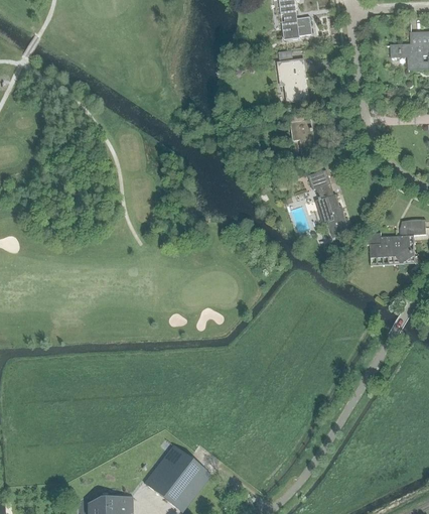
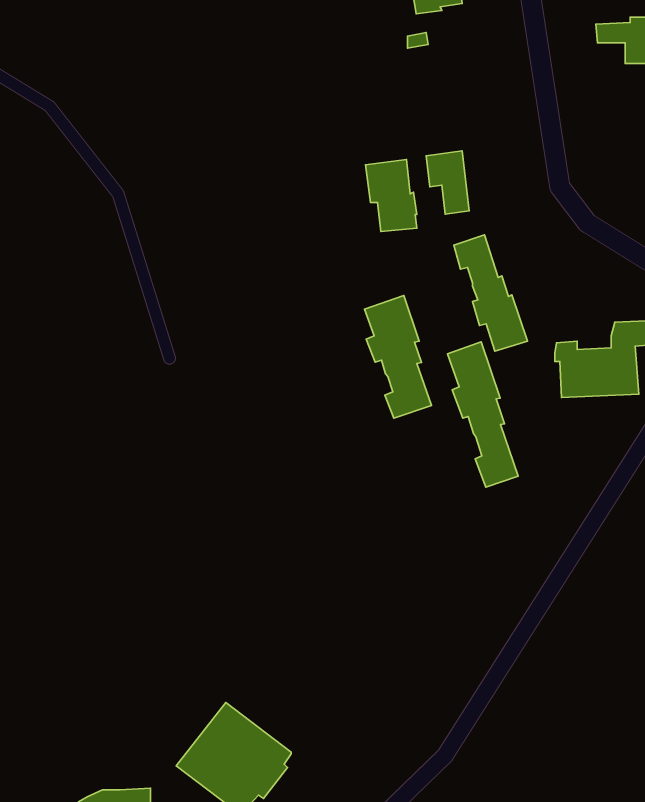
building: [277,59,307,102] -> [365,160,417,232]
building: none -> [365,295,432,418]
building: none -> [447,342,518,487]

